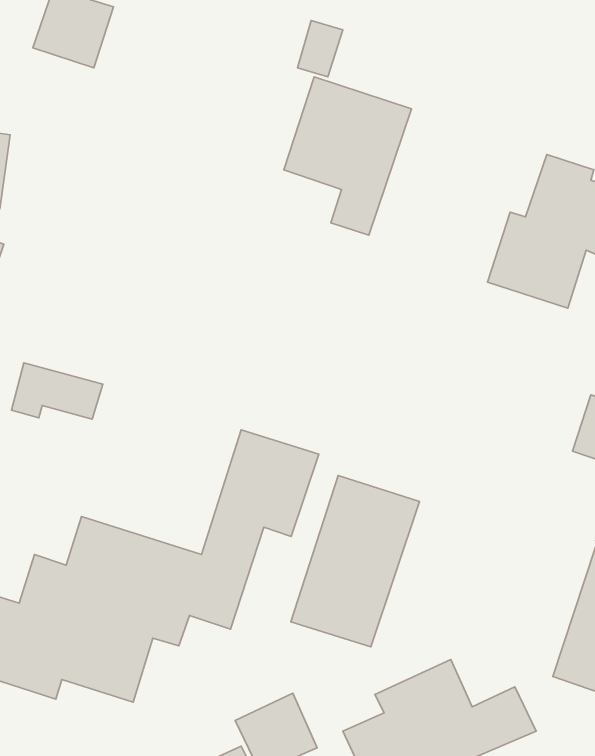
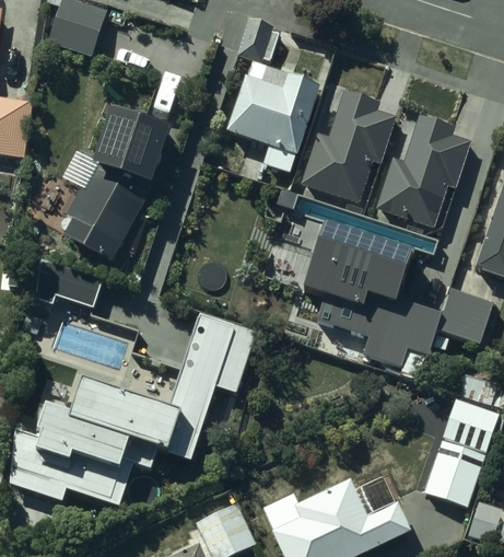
building: none -> [301,89,394,201]
building: none -> [66,105,169,260]
building: none -> [301,214,438,379]
building: [291,475,420,647] -> none

